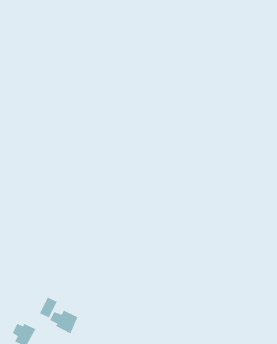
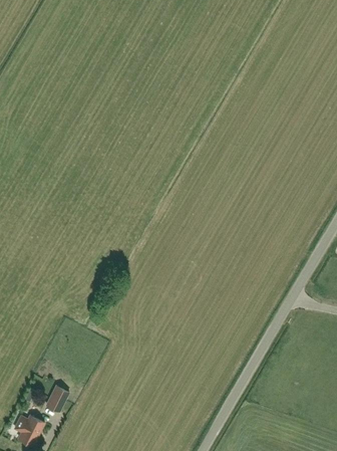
building: [49,309,78,335] -> none

